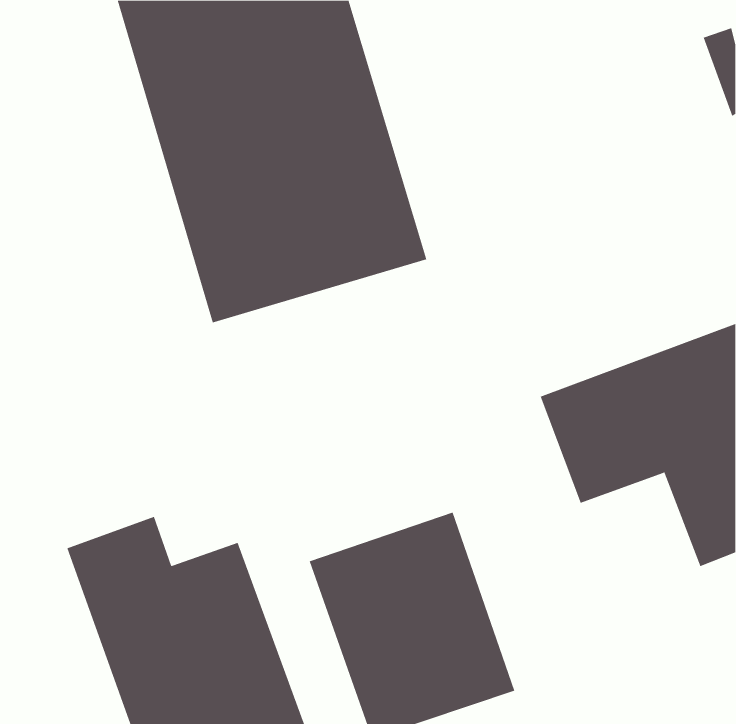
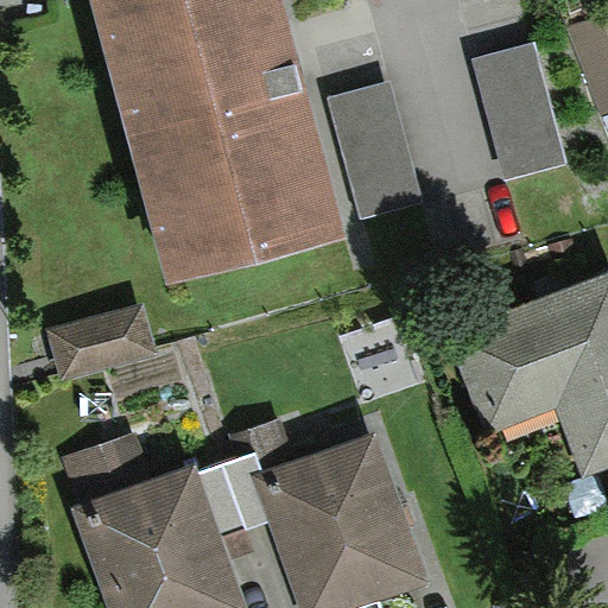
building: none -> [471,52,556,180]
building: none -> [331,87,428,229]
building: none -> [53,305,166,398]

